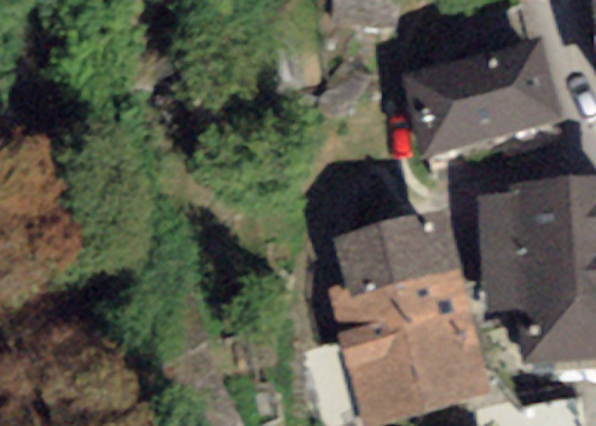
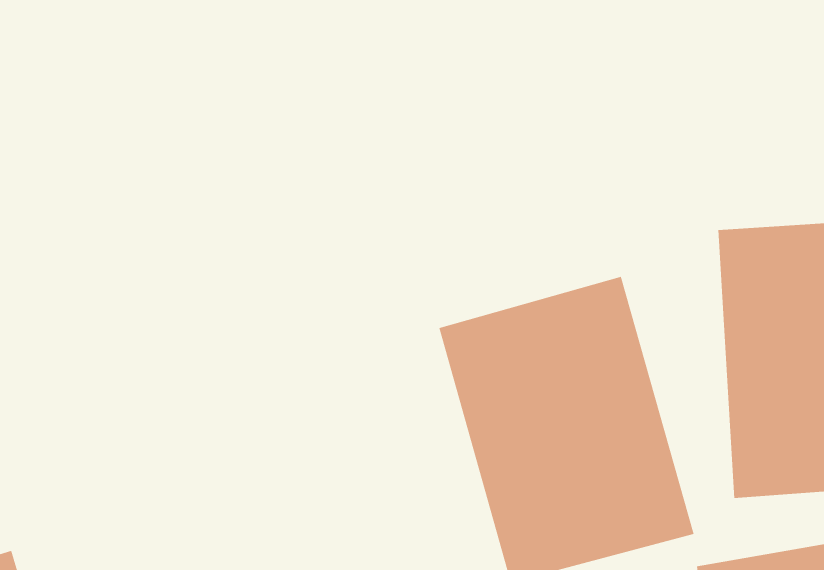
building: [400,39,563,157] -> none

